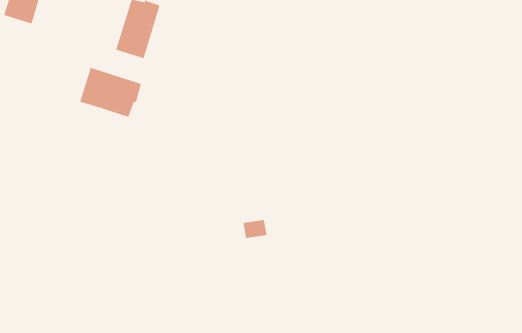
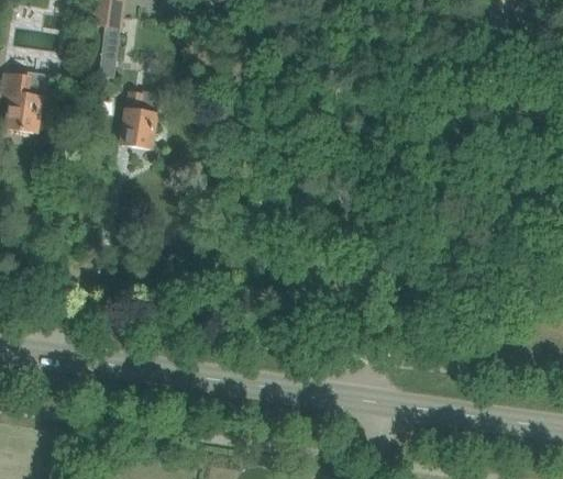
building: [79,67,142,118] -> none

